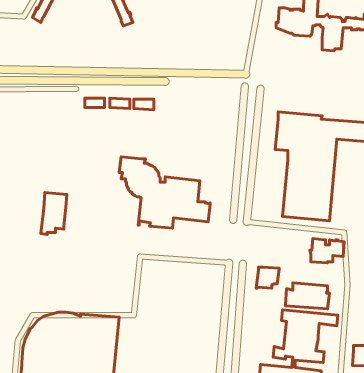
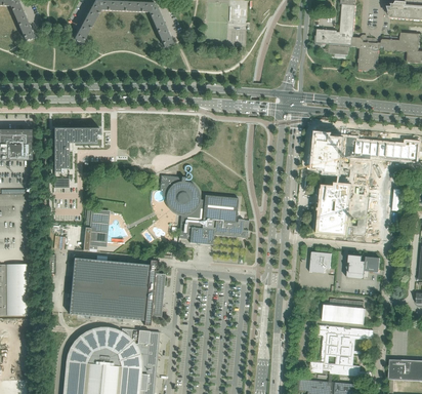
building: none -> [54,128,100,171]
building: none -> [70,258,165,325]
building: [256,267,279,288] -> [309,251,332,272]

